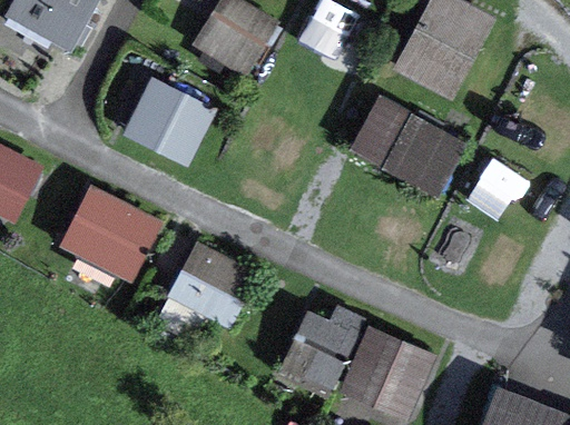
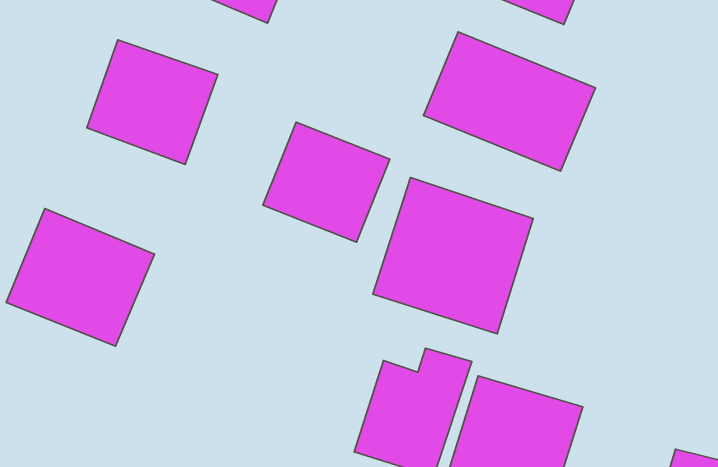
building: none -> [373,178,533,334]
building: [167,241,255,326] -> [263,122,390,242]

